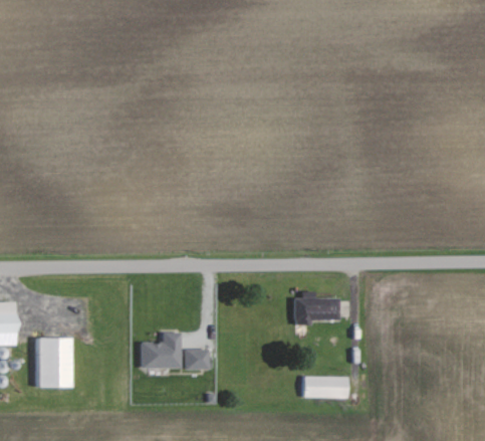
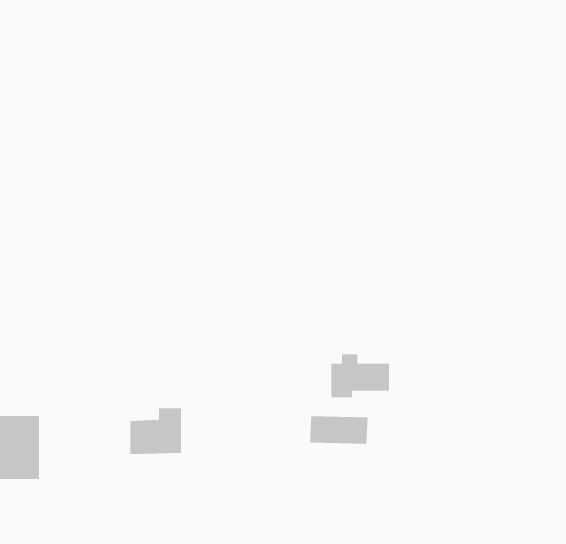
building: [184,350,210,370] -> none
building: [303,377,348,399] -> [309,415,368,444]

